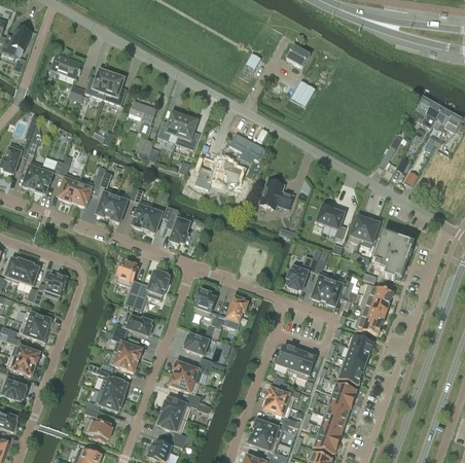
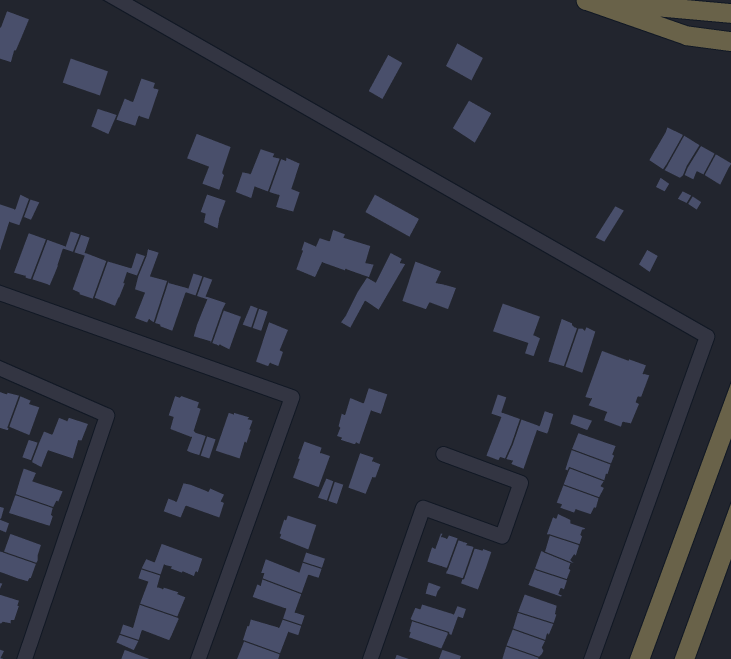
building: [106,72,127,104] -> none
building: none -> [340,252,406,328]
building: [287,255,319,290] -> [336,388,388,445]
building: [112,331,142,360] -> none

